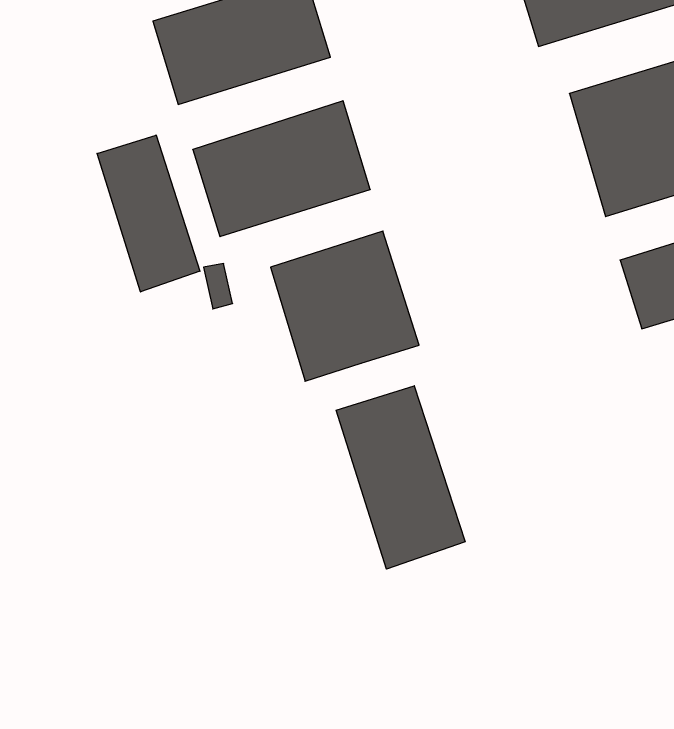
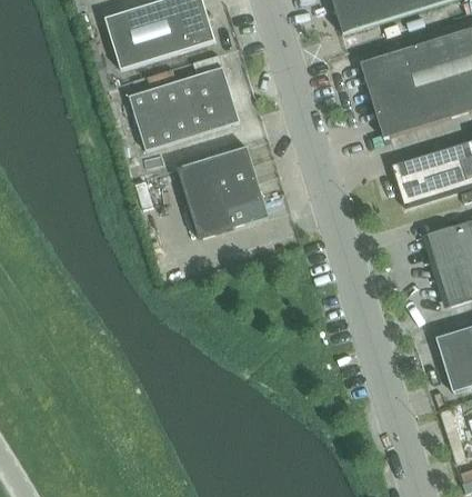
building: [97,135,200,292] -> none
building: [336,386,465,569] -> none

